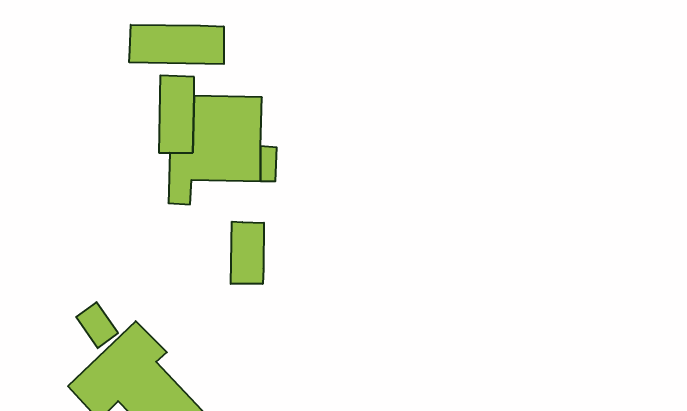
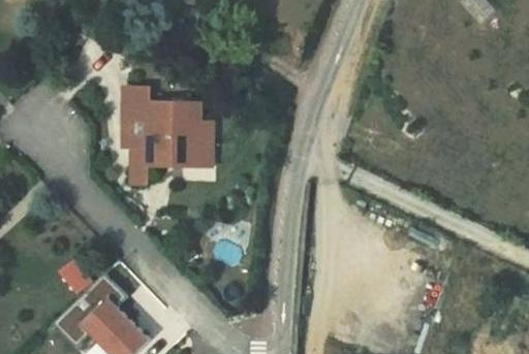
building: [129,25,224,64] -> none
building: [231,222,264,284] -> none

